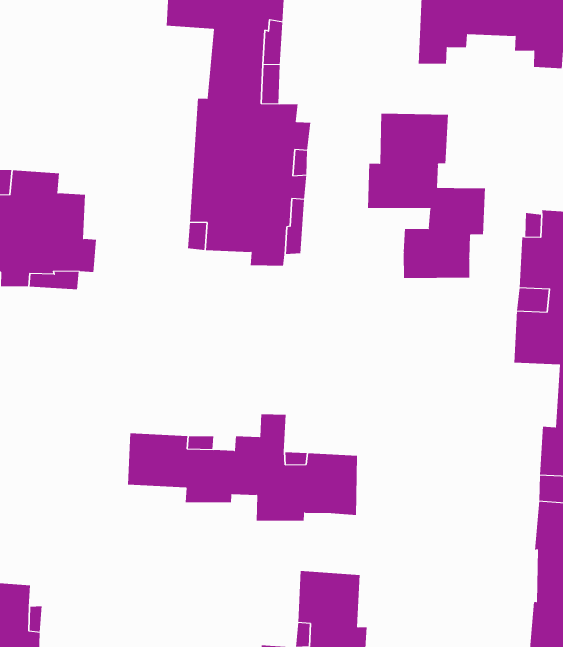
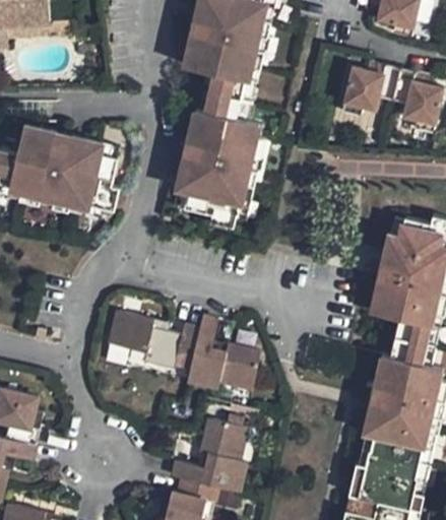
building: [367,113,485,279] -> none

